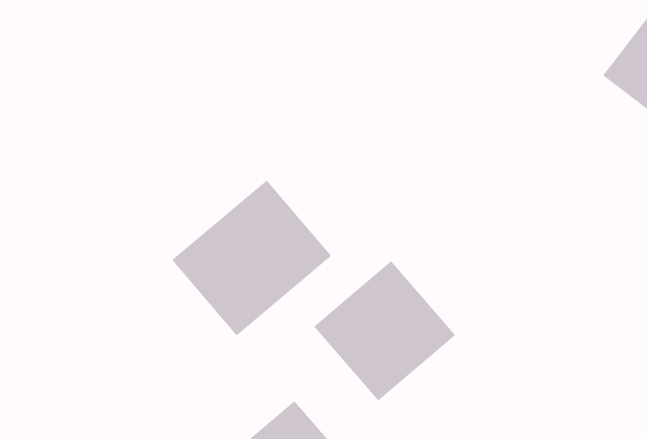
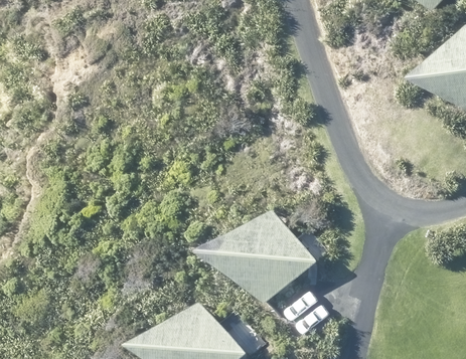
building: [171,179,332,336] -> none

